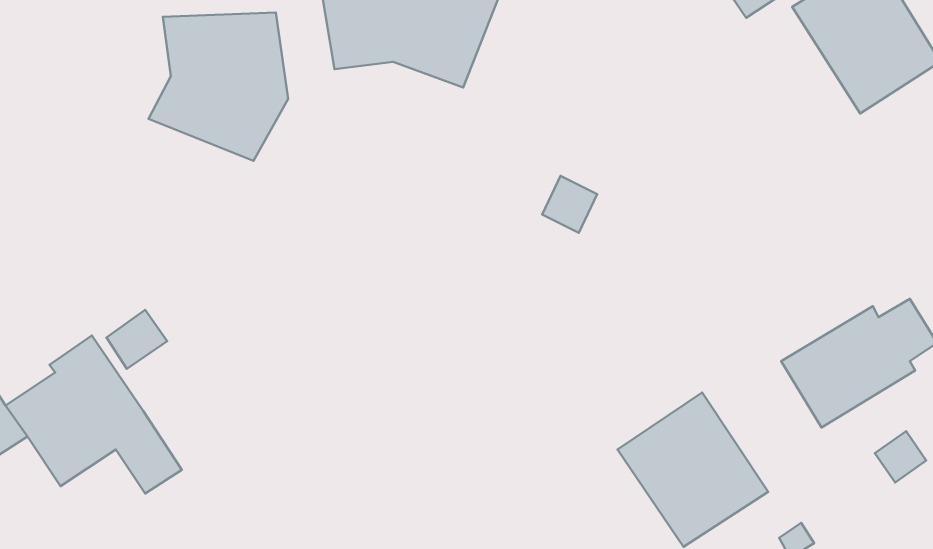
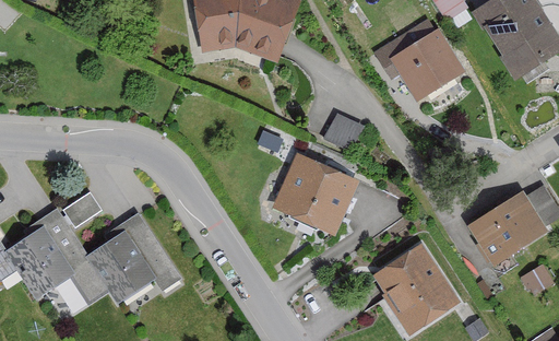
building: [148,12,288,161] -> none
building: none -> [392,31,462,99]
building: none -> [272,153,357,234]
building: none -> [87,212,182,302]

